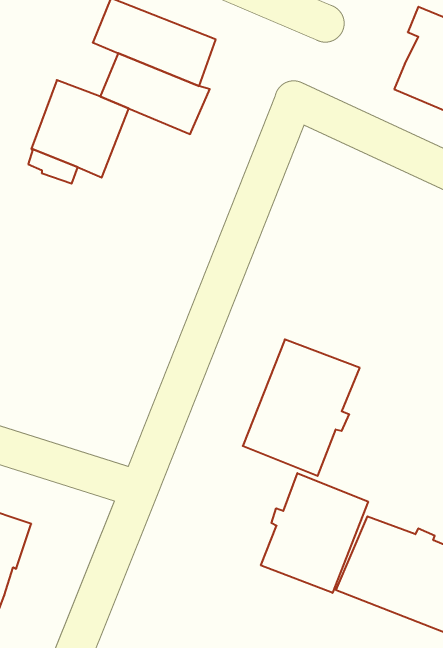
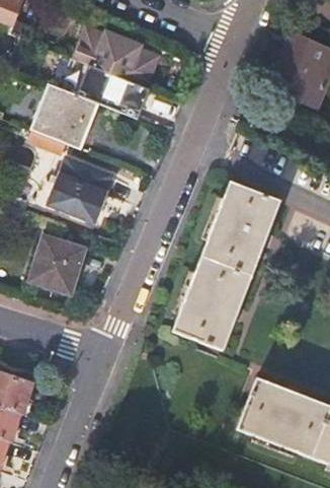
building: none -> [47,156,111,222]
building: none -> [202,182,282,277]
building: none -> [28,235,82,293]
building: [261,473,368,593] -> none

